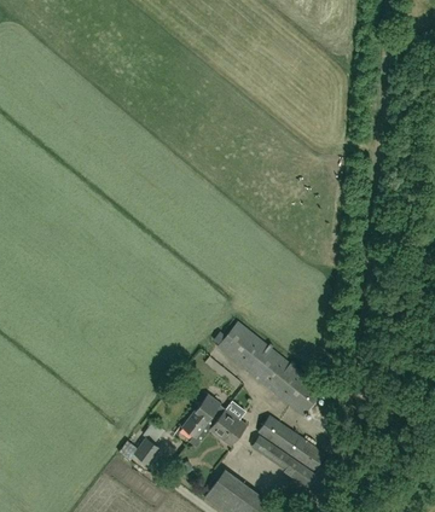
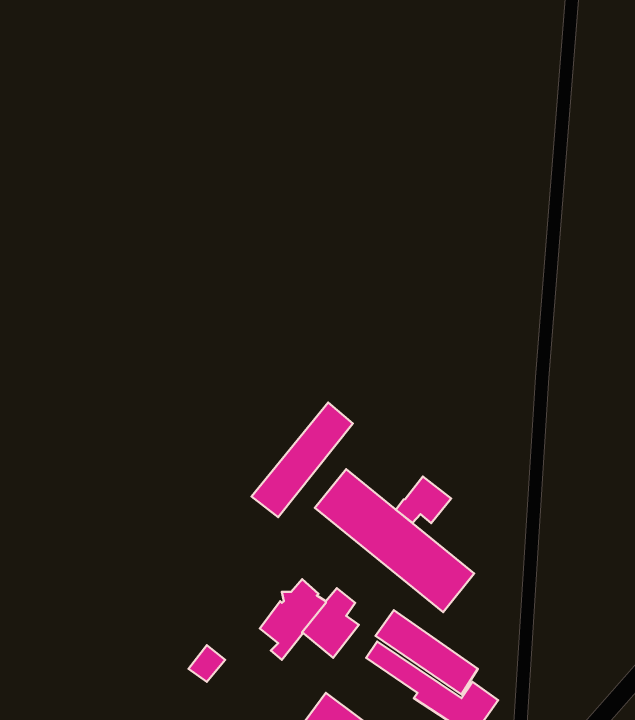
building: none -> [252,402,353,517]
building: none -> [396,476,451,523]

